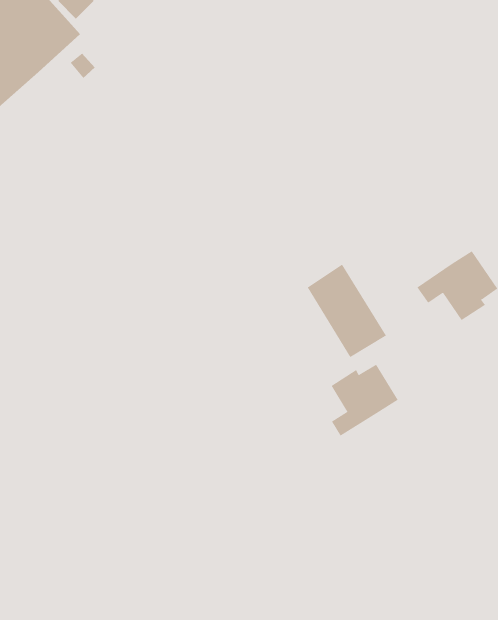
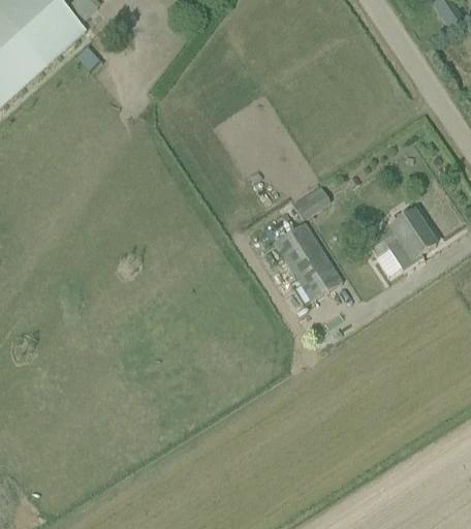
building: none -> [294,186,331,217]
building: [331,364,399,437] -> none

